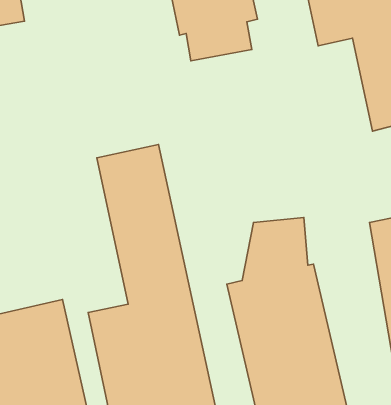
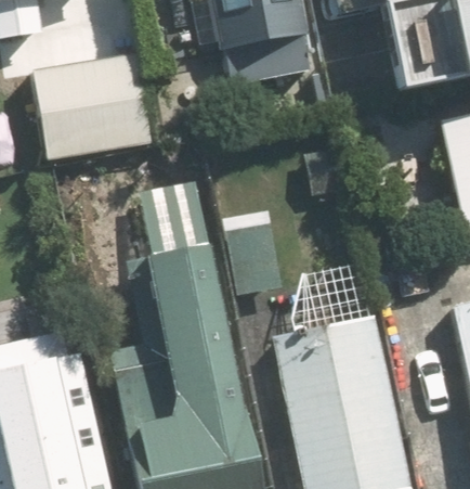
building: none -> [32,57,154,162]

